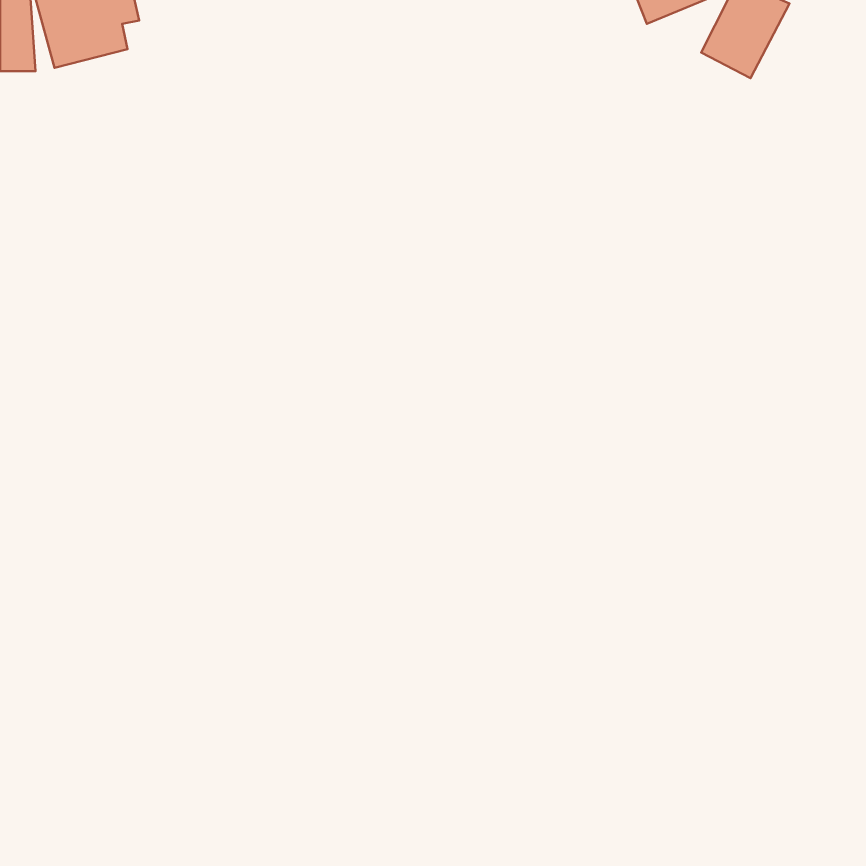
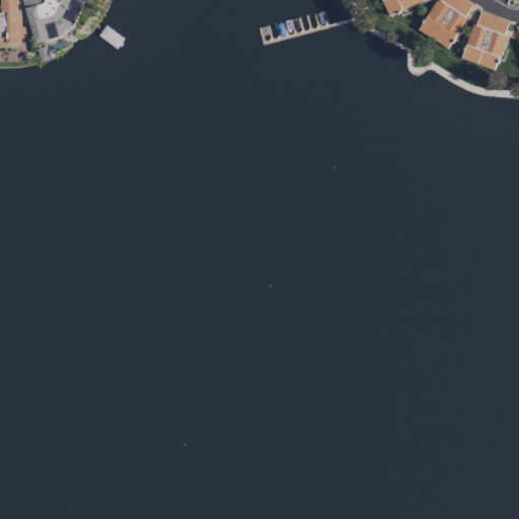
building: none -> [462,10,510,69]

